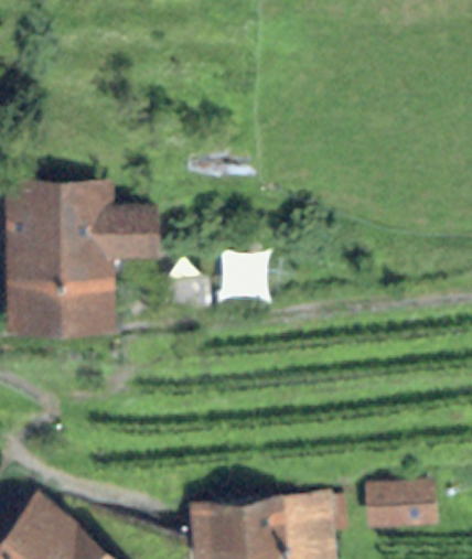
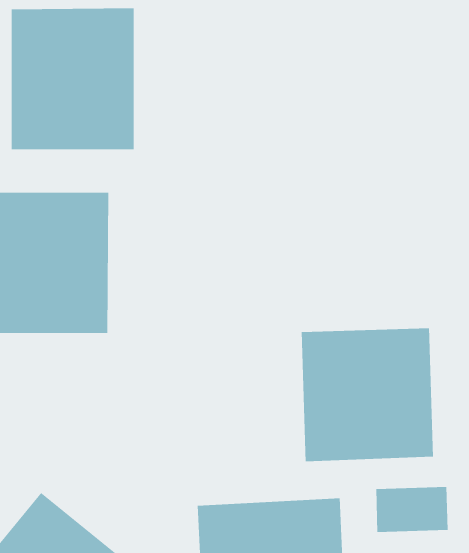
building: none -> [11,7,134,150]
building: none -> [301,328,434,462]

